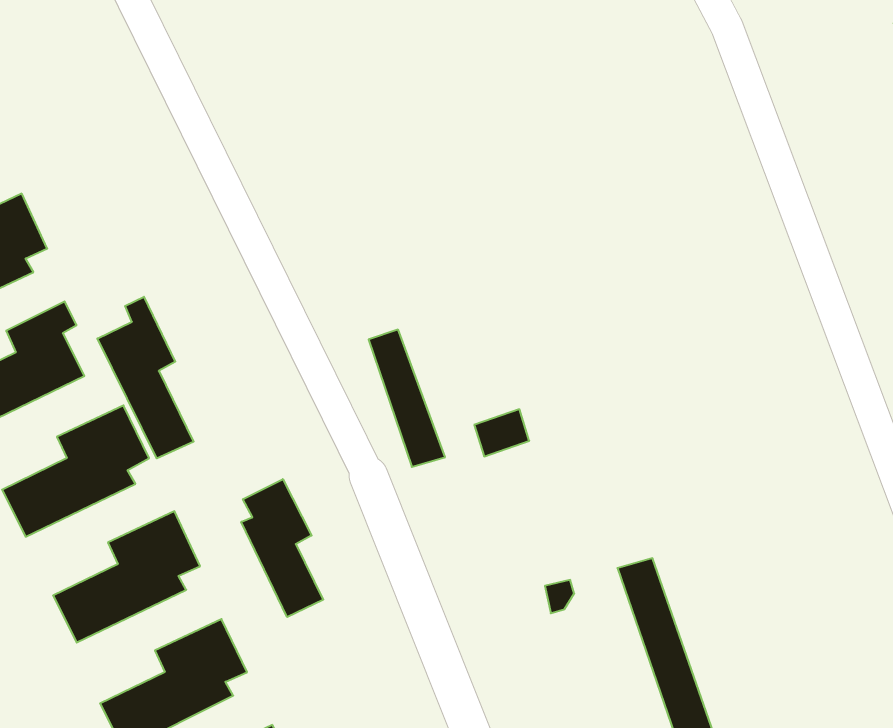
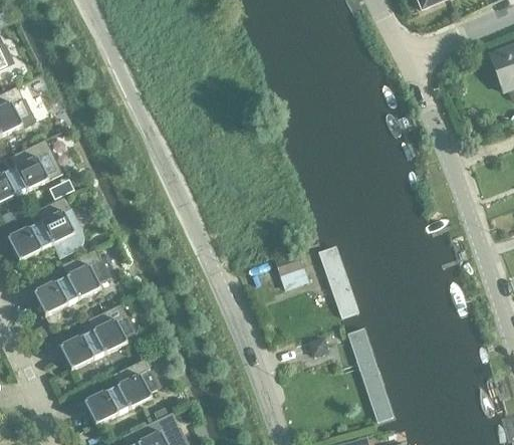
building: [97,297,194,458] -> none
building: [369,330,445,467] -> [318,246,357,316]
building: [241,479,323,617] -> none

